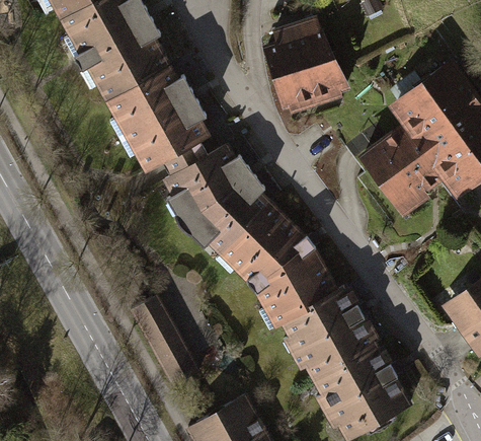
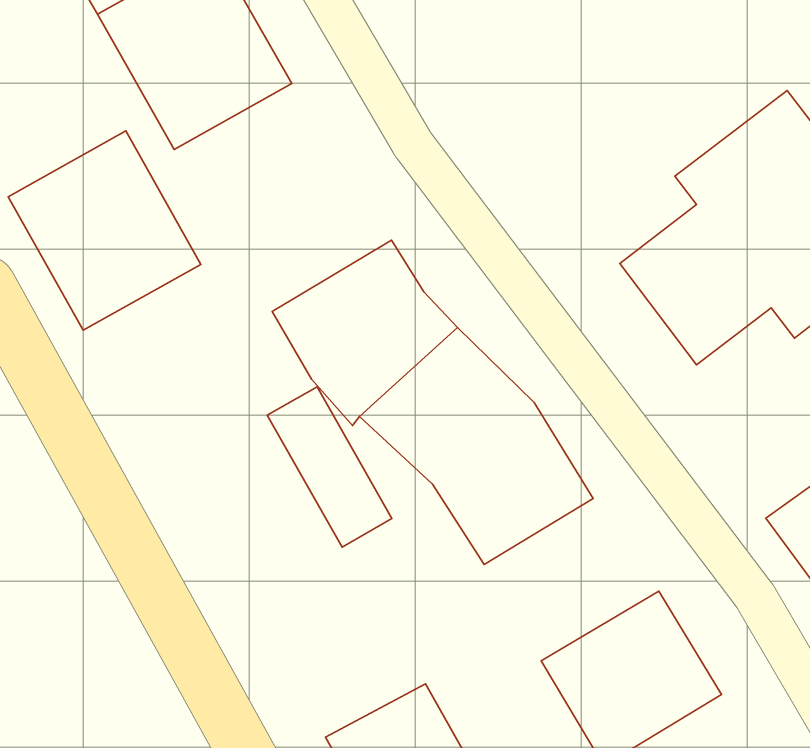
building: [262,14,342,113] -> none
building: [103,57,213,170] -> [8,131,201,330]
building: [279,291,379,385] -> none
building: [129,295,199,386] -> [267,387,392,547]

